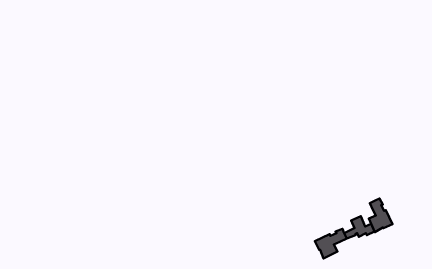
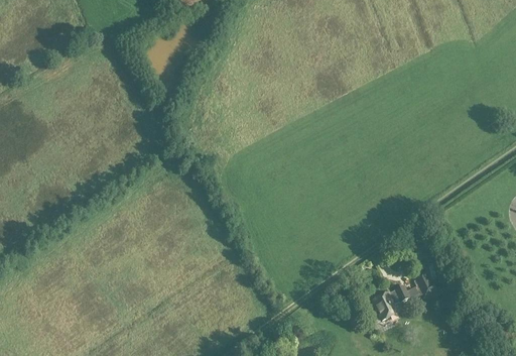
building: [369,198,392,232] -> none

